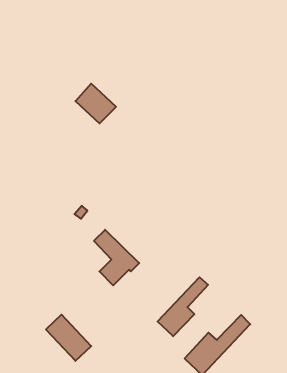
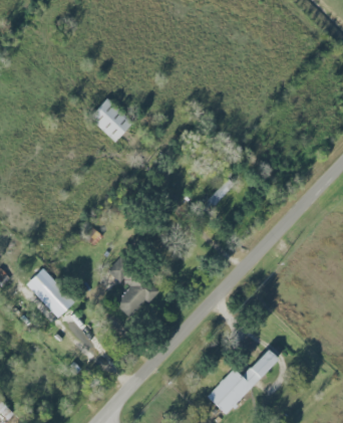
building: [158,277,208,336] -> none
building: [46,315,91,361] -> [26,268,75,319]

